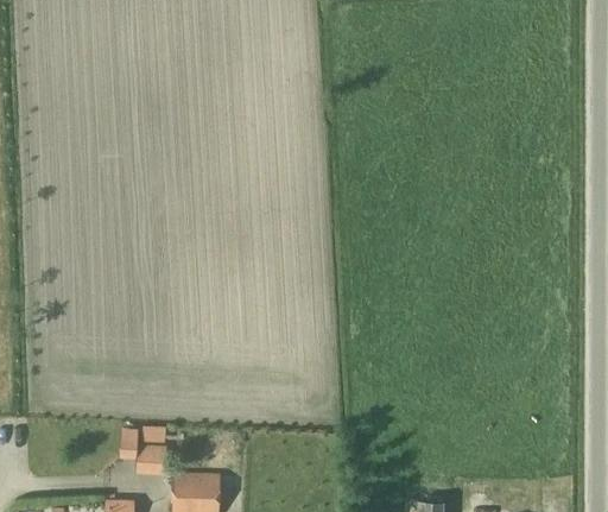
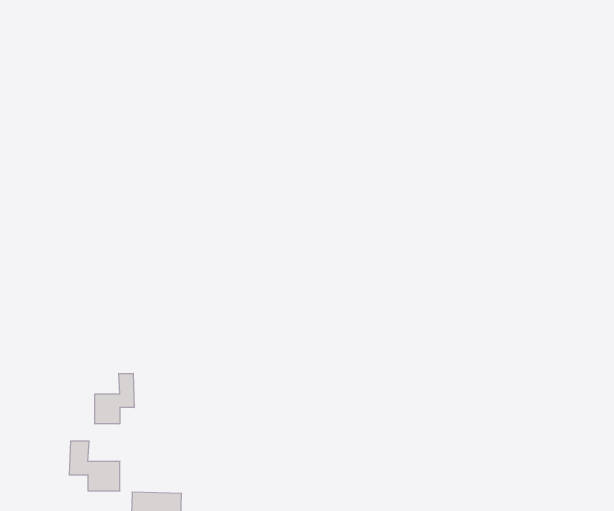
building: none -> [95,373,134,424]

